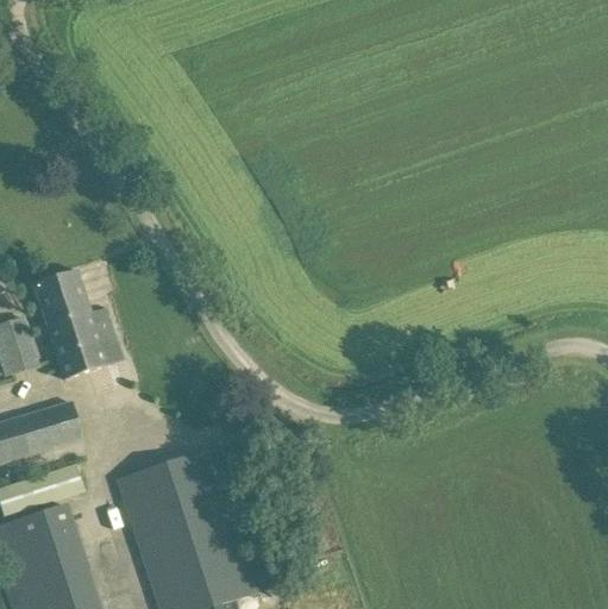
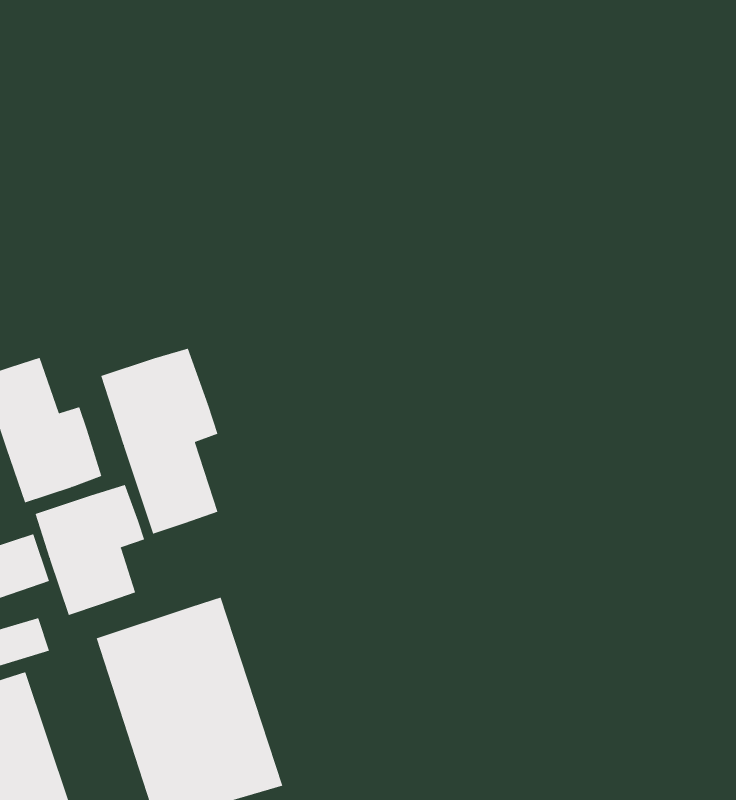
building: none -> [101,348,218,535]
building: none -> [35,484,145,616]

